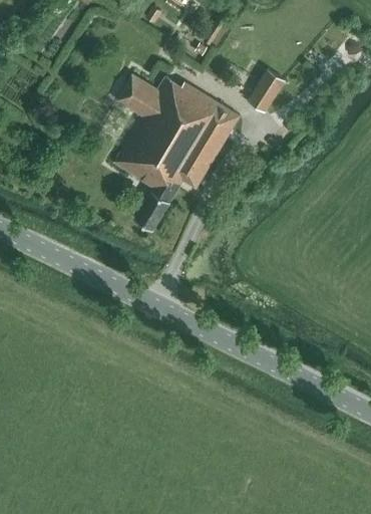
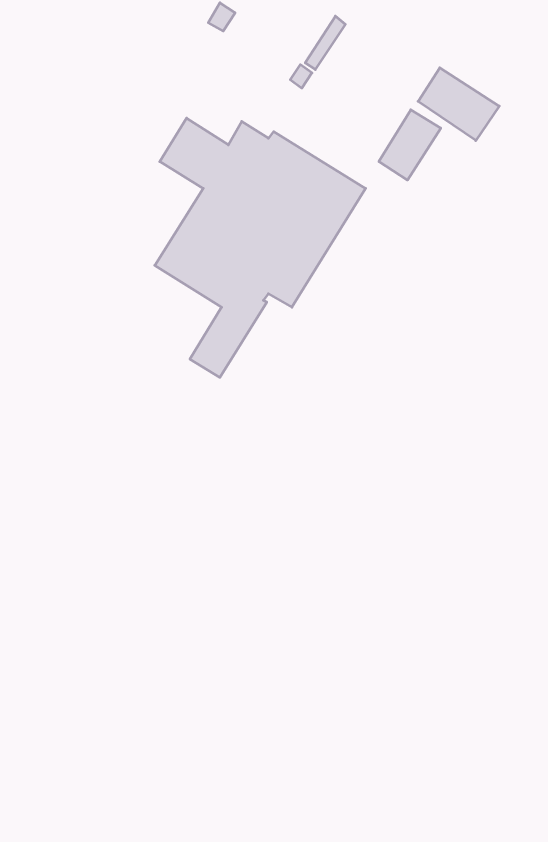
building: none -> [418,68,499,141]

